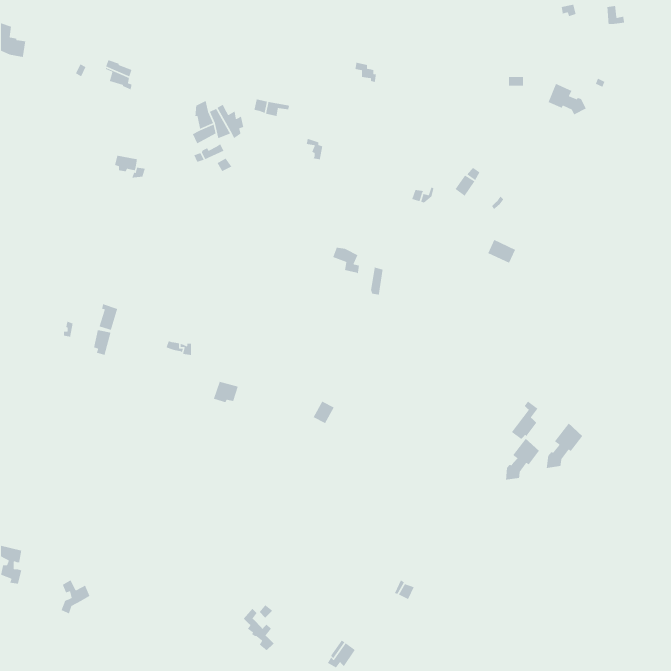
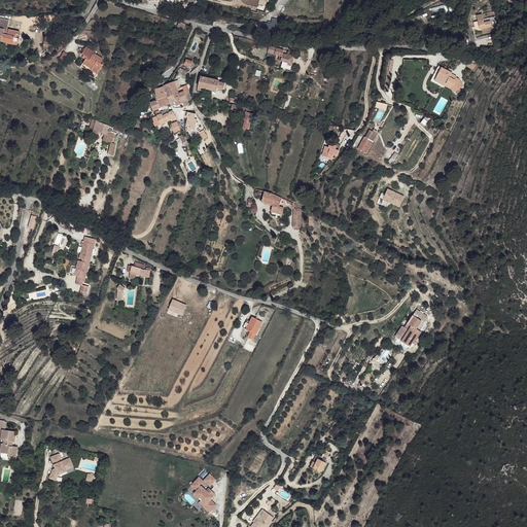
building: [546,423,583,469] -> none
building: [505,438,540,480] -> none

